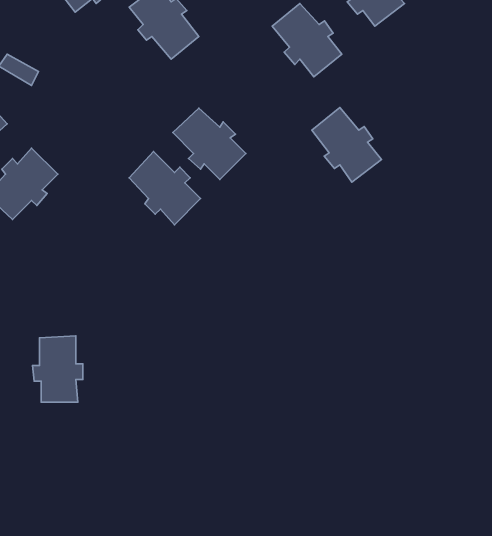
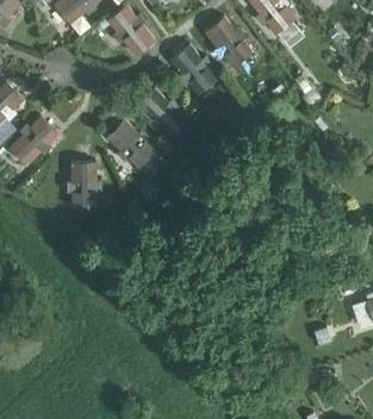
building: [312,107,382,182] -> [169,43,217,94]
building: [32,336,83,402] -> [66,161,100,206]

